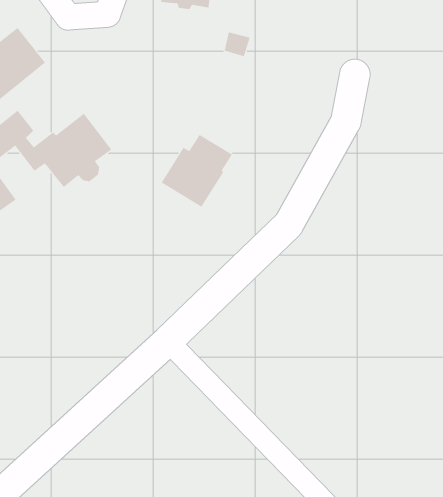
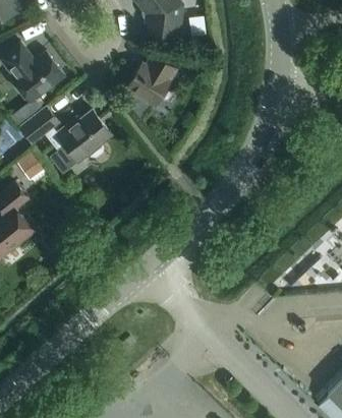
building: [161,134,233,208] -> [126,56,176,107]

